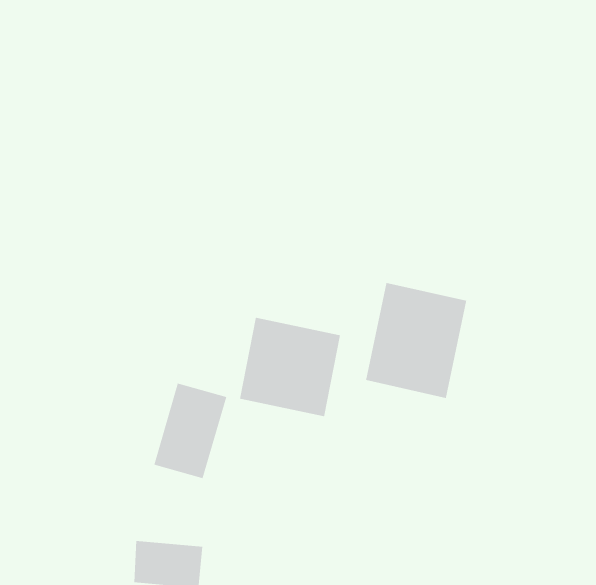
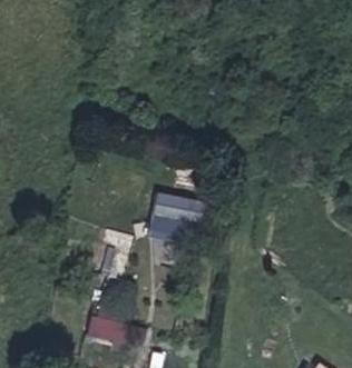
building: [366,282,467,399] -> none

